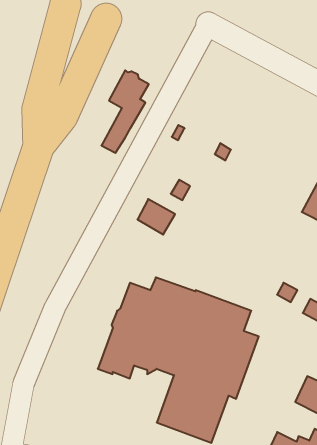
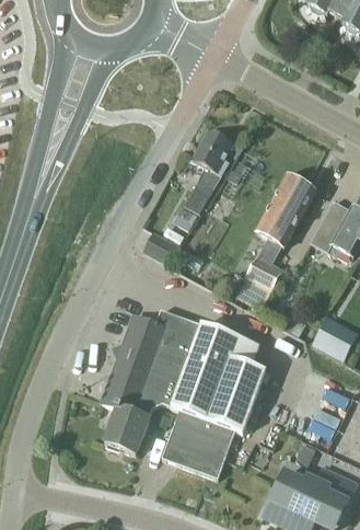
building: [101,70,149,153] -> [184,128,232,212]
building: none -> [223,172,316,313]
building: none -> [103,399,151,453]

